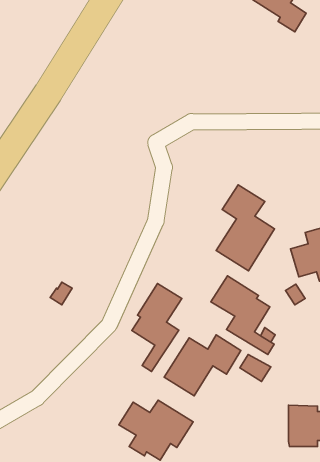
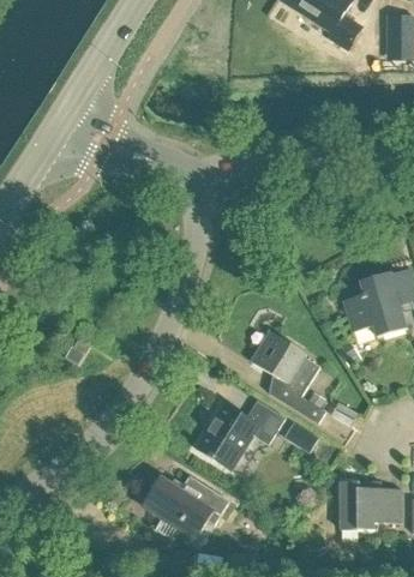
building: [216,185,275,271] -> none
building: [132,283,182,372] -> none

